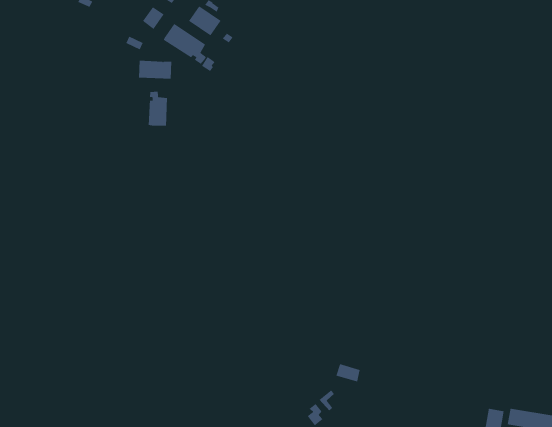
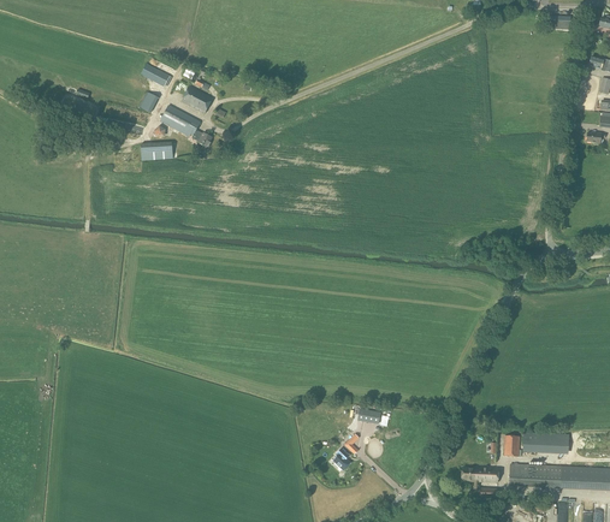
building: [148,91,167,126] -> none

